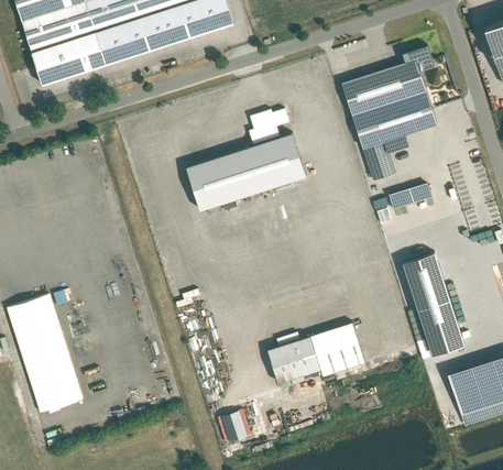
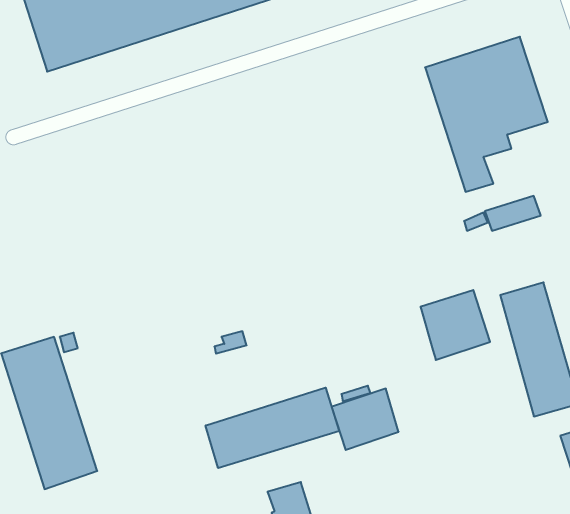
building: [186,132,307,210] -> none
building: [310,323,365,378] -> [420,290,490,360]
building: none -> [206,388,339,468]

